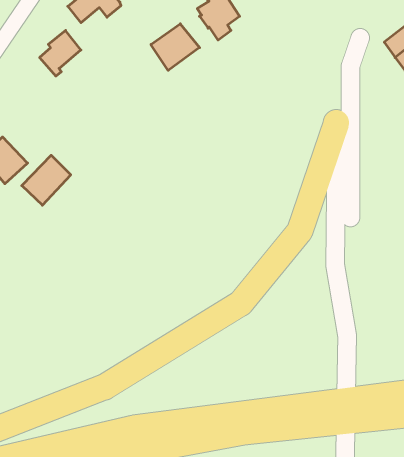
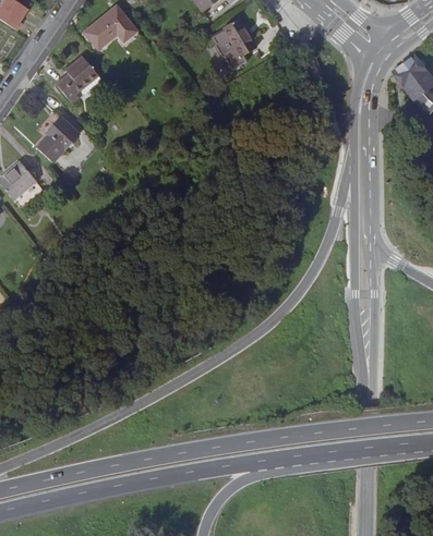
building: [151,24,200,70] -> none
building: [22,155,71,205] -> [31,112,80,162]

